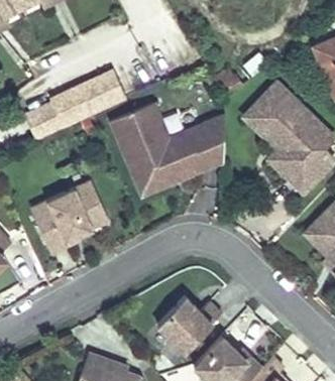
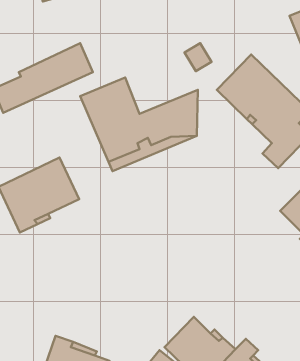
building: [157,296,221,351] -> none

